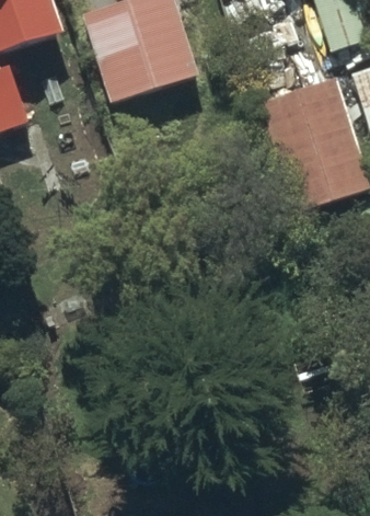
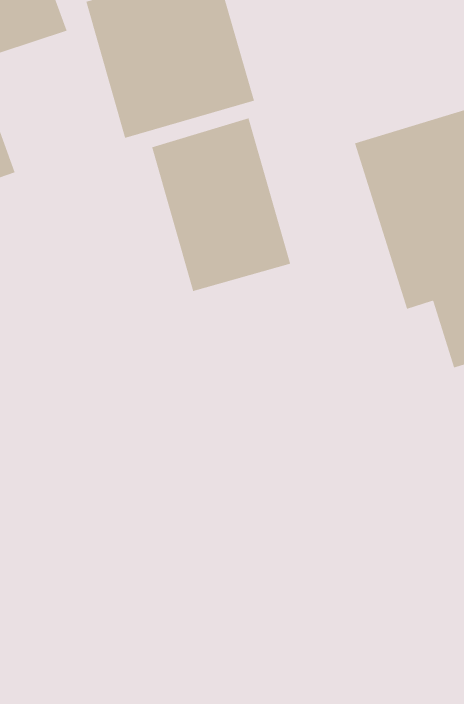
building: none -> [152,117,291,292]

